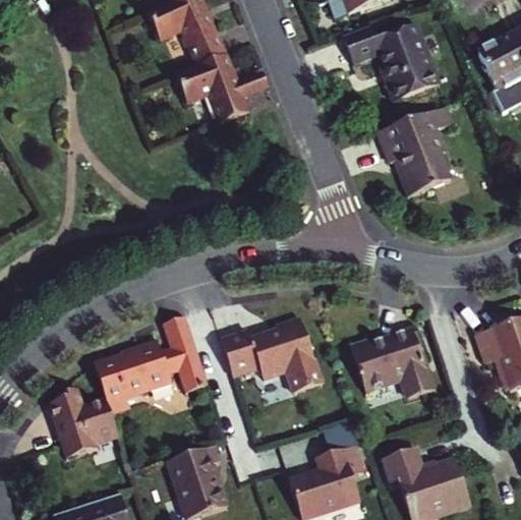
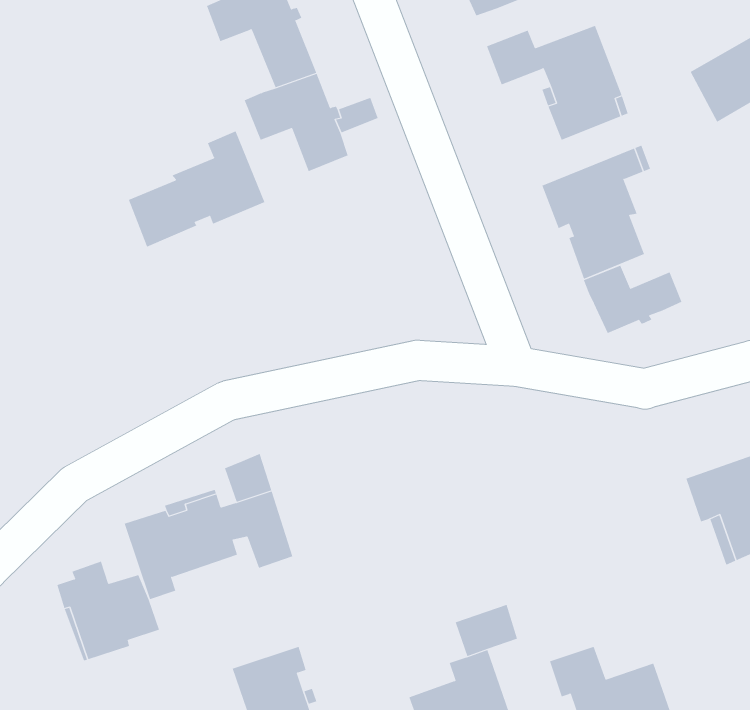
building: none -> [128,131,265,248]
building: none -> [583,265,682,334]
building: [221,316,326,400] -> none
building: [351,329,436,398] -> none

